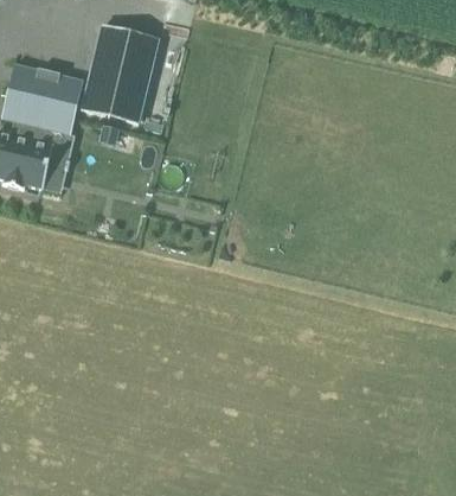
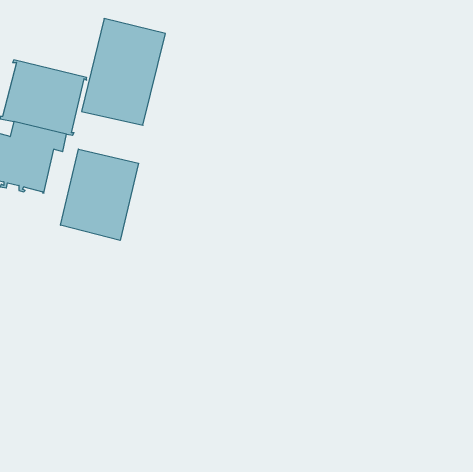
building: none -> [61,149,138,240]

